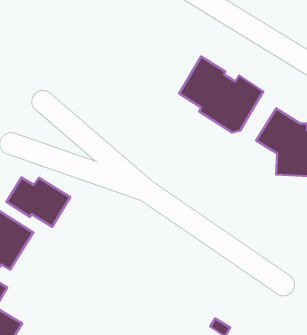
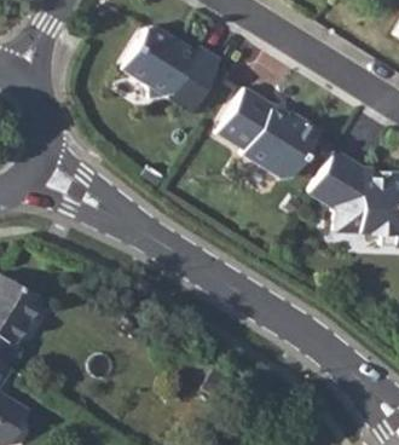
building: none -> [121,24,214,103]
building: [6,178,70,227] -> none

